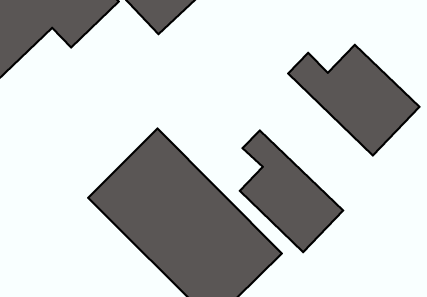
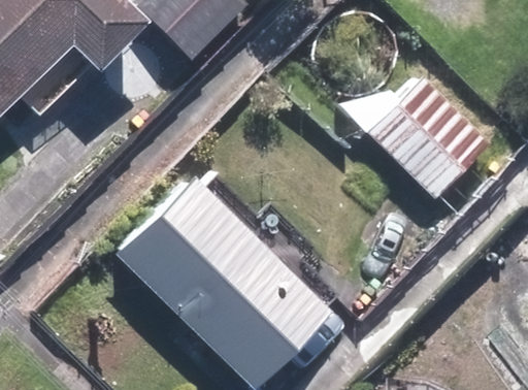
building: [240,131,343,252] -> none

